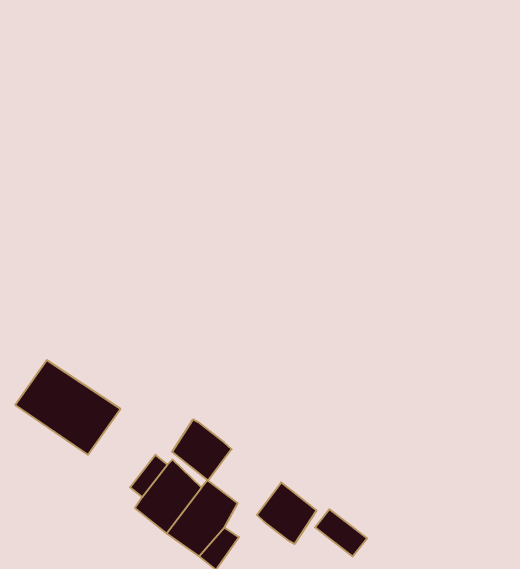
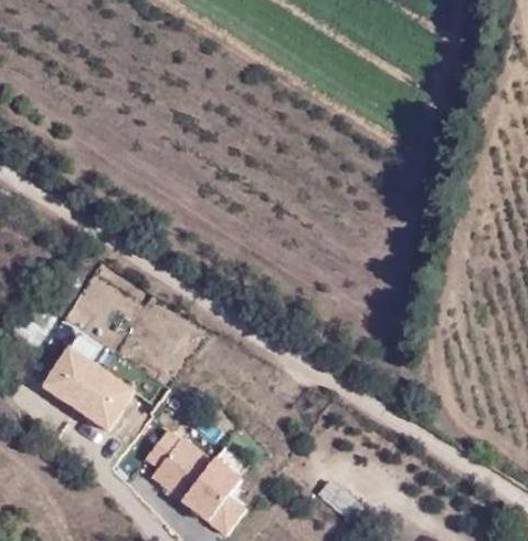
building: [172,419,232,481] -> none
building: [257,482,316,544] -> none

